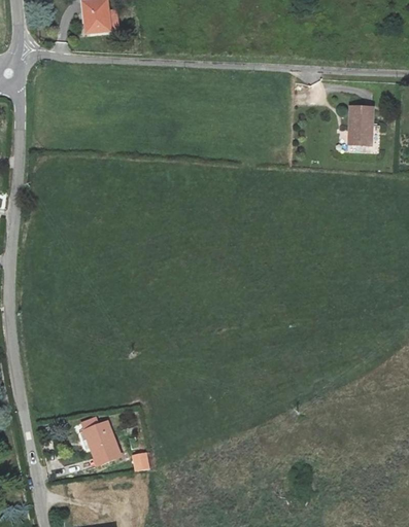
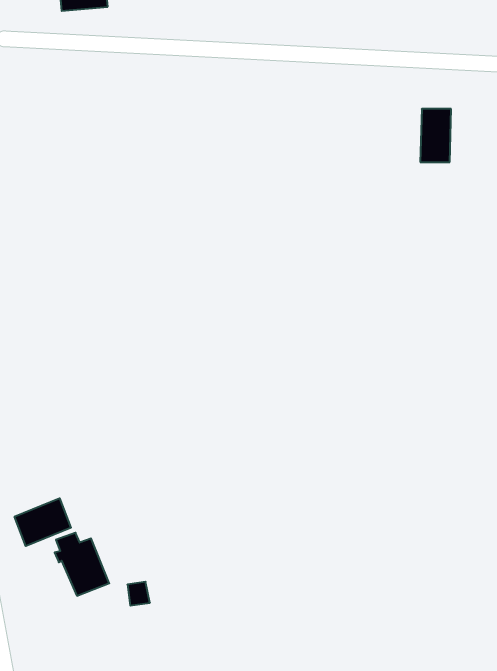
building: none -> [15,498,71,546]

